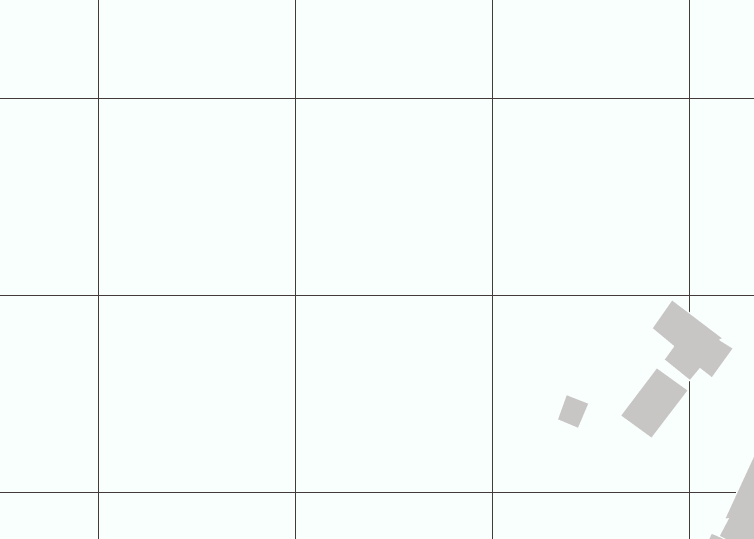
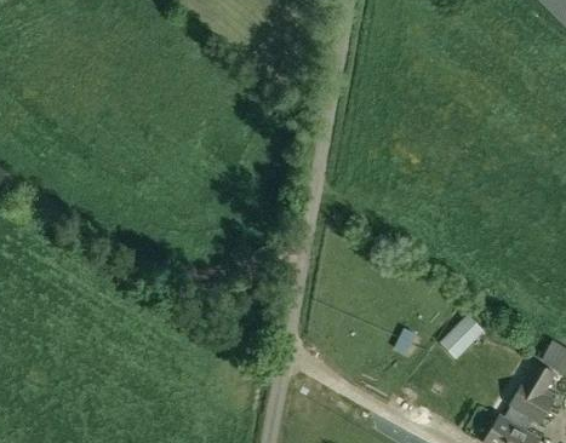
building: [652,300,733,381] -> none

